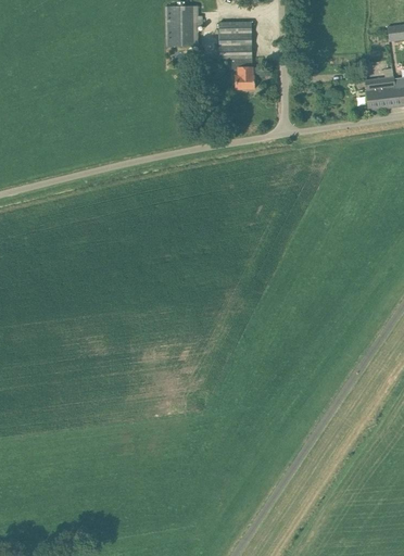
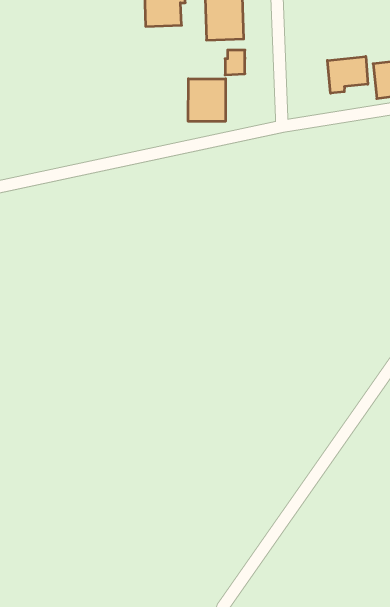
building: none -> [327,56,368,93]
building: none -> [188,79,226,121]

